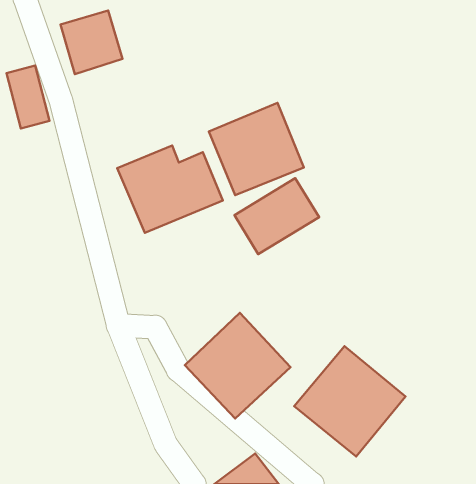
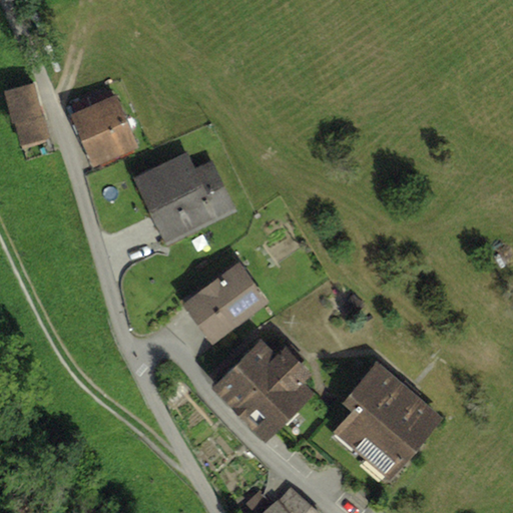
building: [61,10,122,74] -> [83,94,148,161]
building: [209,103,304,195] -> none
building: [234,178,319,254] -> [180,259,270,339]

